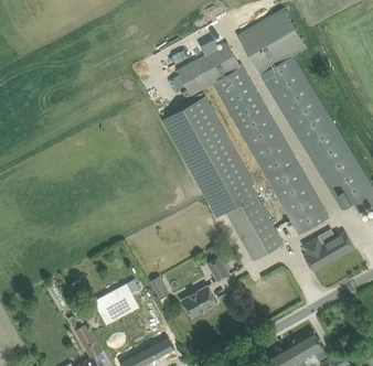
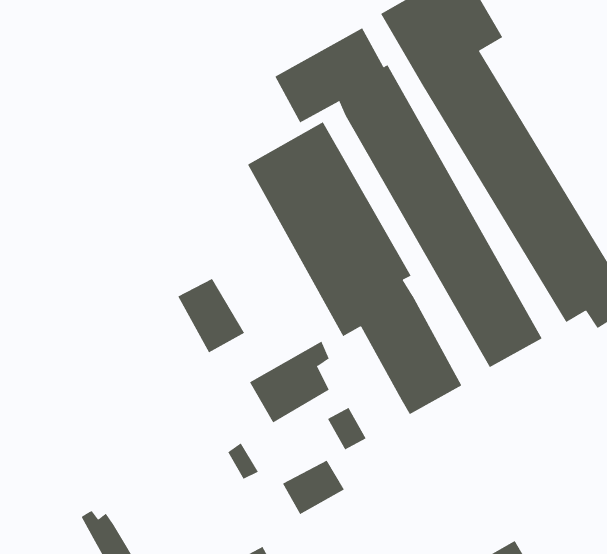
building: none -> [177,278,245,353]
building: [305,230,356,271] -> none
building: [93,279,138,325] -> [249,341,330,423]

